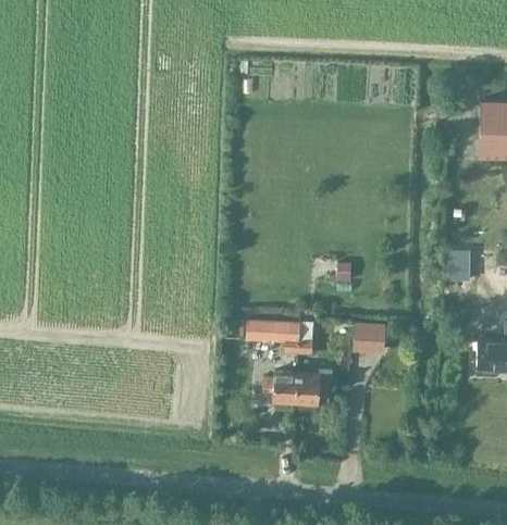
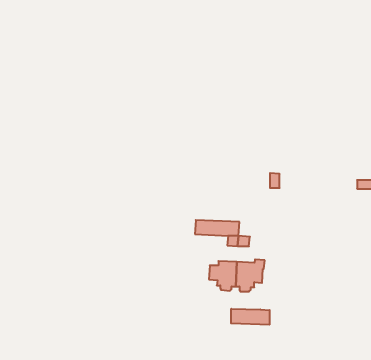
building: [354,321,385,347] -> none
building: none -> [231,309,270,325]

